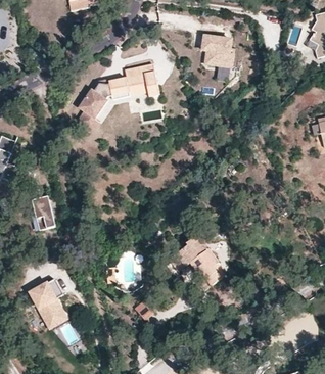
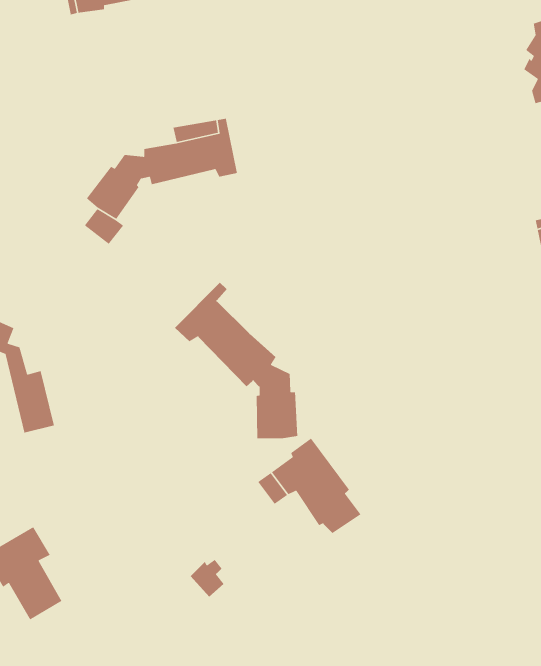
building: [202,36,232,66] -> none
building: none -> [174,282,298,439]

